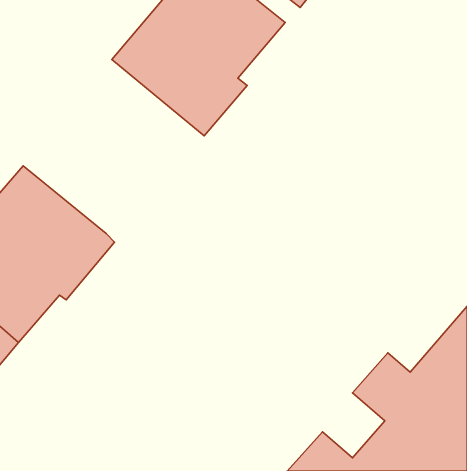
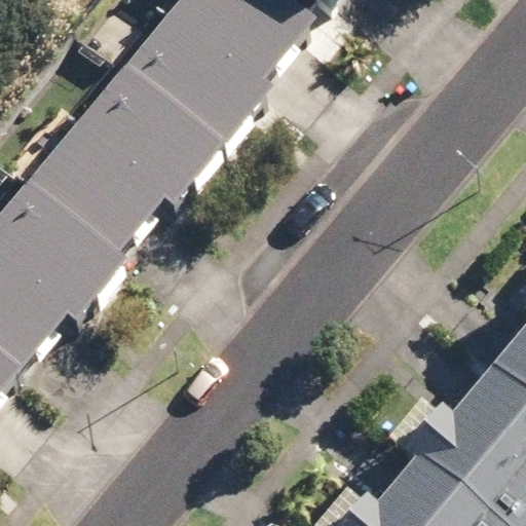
building: none -> [26,66,225,258]

